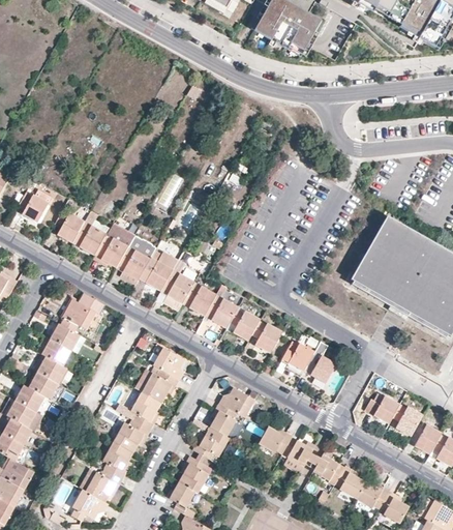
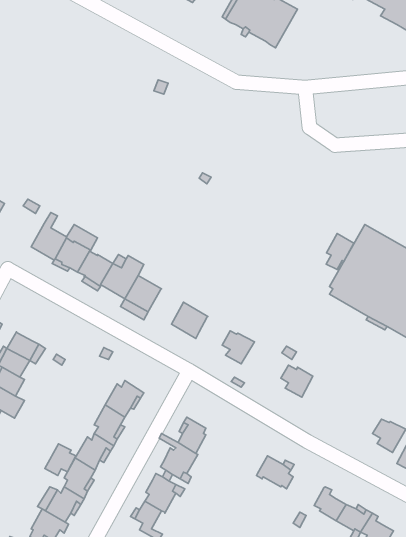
building: [54,210,85,242] -> none
building: none -> [326,234,354,270]
building: [183,283,215,315] -> none
building: [60,291,104,330] -> none
building: [230,308,260,340] -> none
building: [284,341,314,377] -> none
building: [153,346,184,379] -> none
building: [218,386,254,416] -> none
building: [365,392,400,422] -> none
building: none -> [45,444,76,476]
building: [261,428,295,454] -> none
building: [311,455,346,487] -> none

